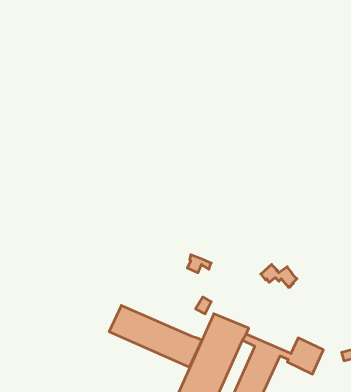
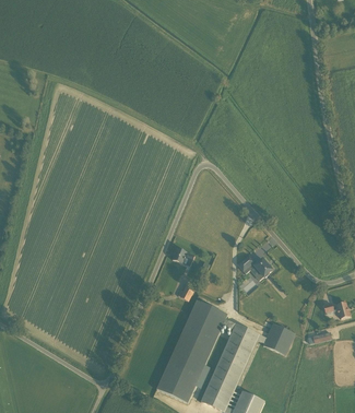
building: [109,305,202,367] -> none

